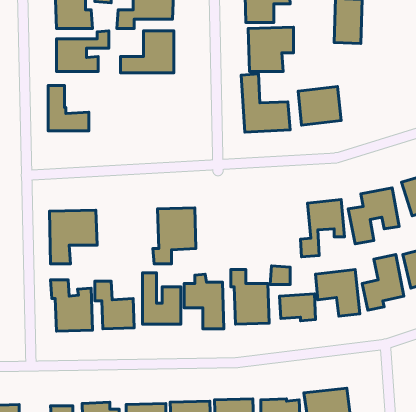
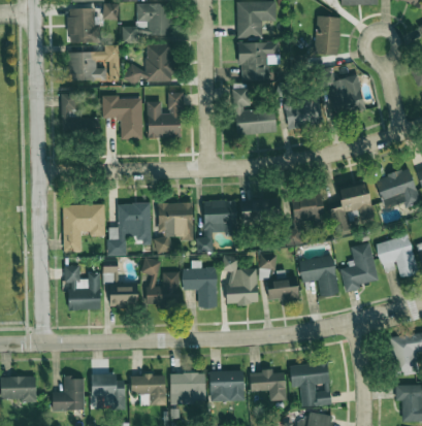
building: none -> [324,71,366,117]
building: none -> [148,92,182,137]
building: none -> [102,95,142,138]
building: none -> [240,199,279,221]
building: none -> [198,200,236,251]
building: none -> [108,203,152,256]

